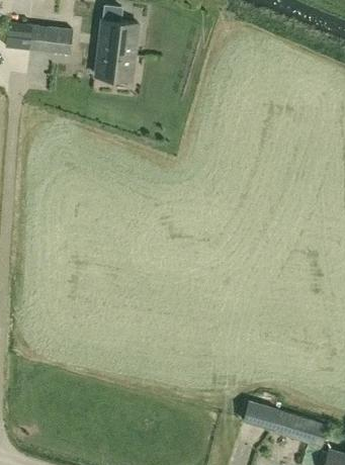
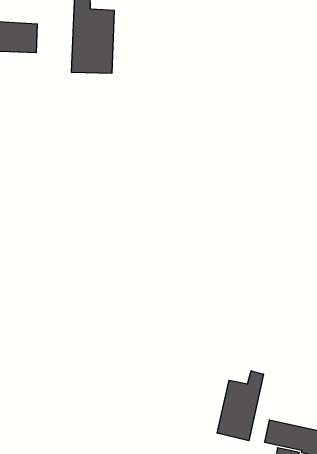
building: none -> [217,371,263,441]

